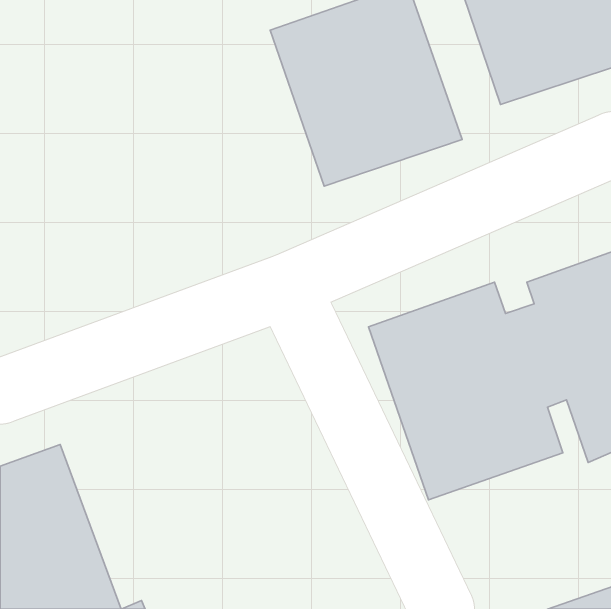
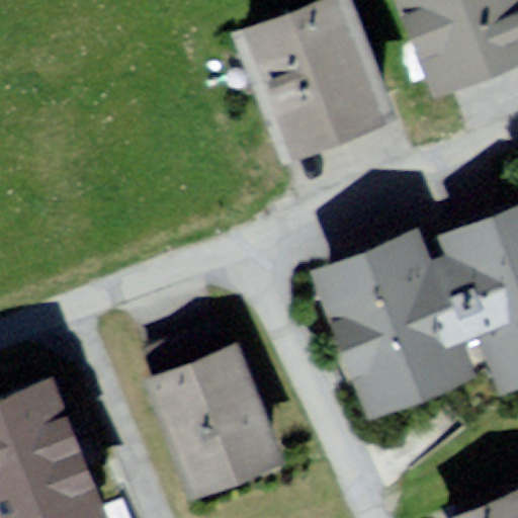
building: none -> [146,348,283,499]

